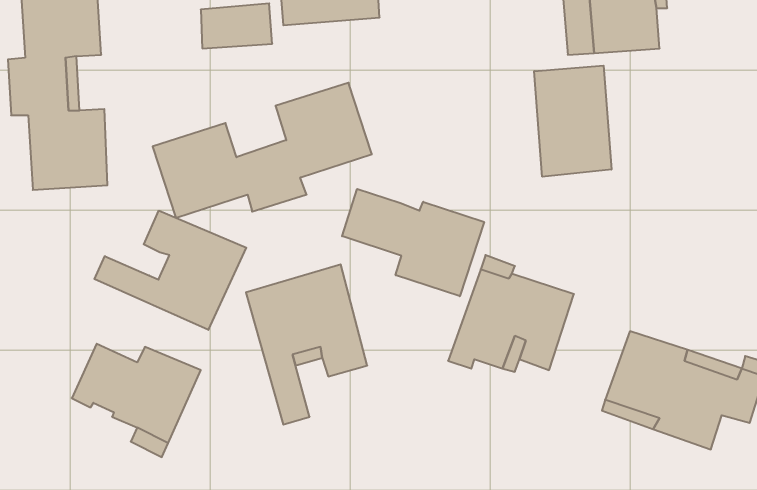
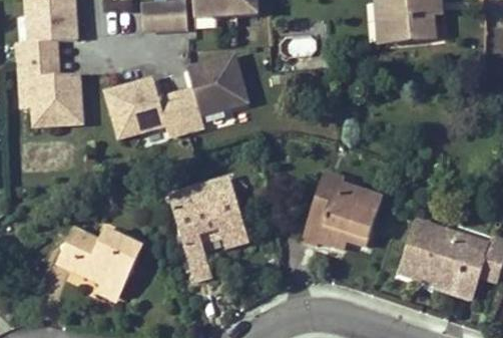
building: [534,66,611,177] -> none
building: [342,189,484,296] -> none
building: [94,211,246,330] -> none

